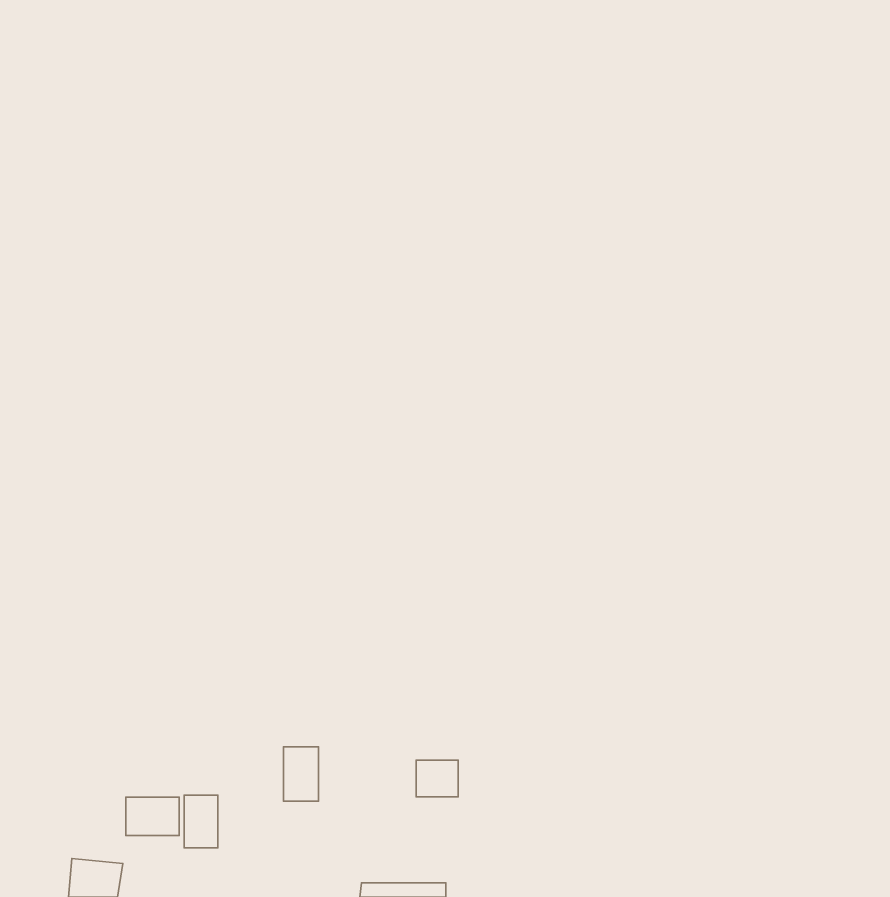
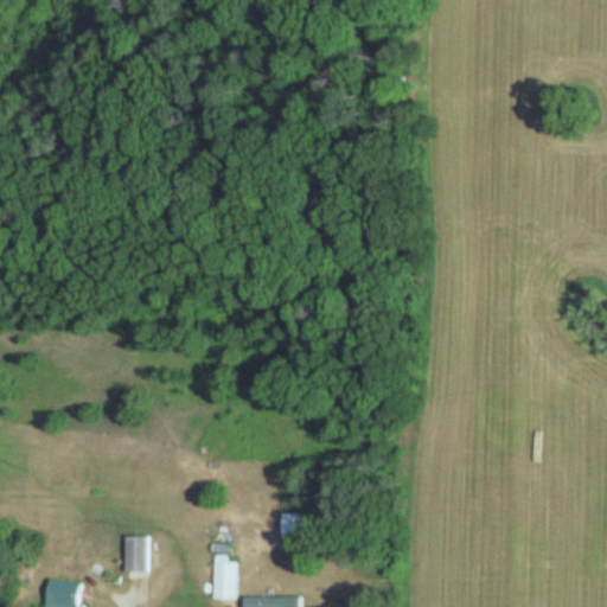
building: [283,747,318,801] -> [212,562,236,599]
building: [126,797,179,836] -> none

